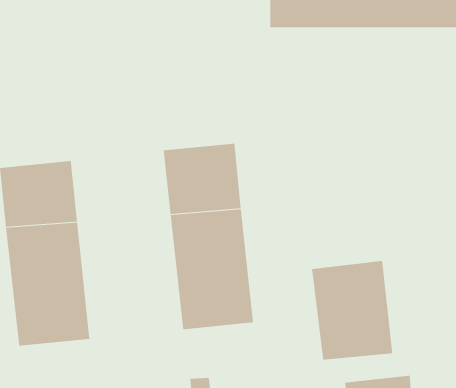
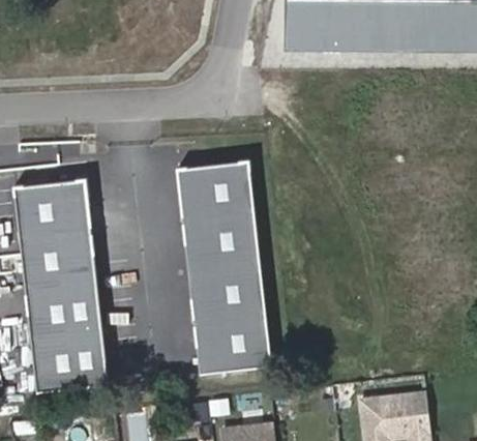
building: [312,260,393,361] -> none
building: none -> [197,344,271,378]
building: none -> [33,360,108,395]

